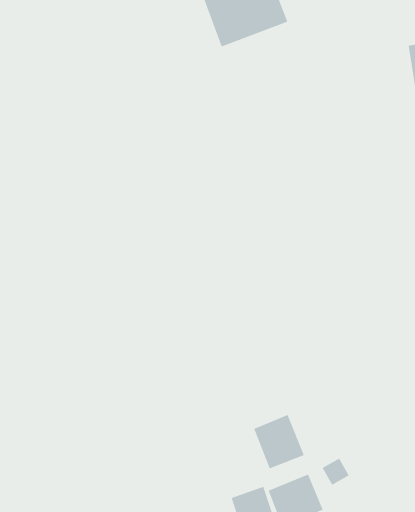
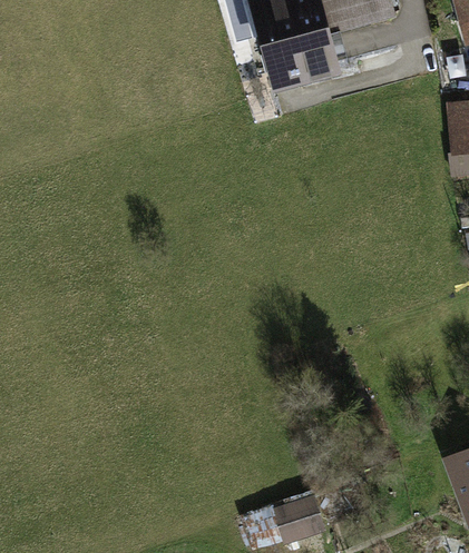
building: [253,414,305,469] -> none

